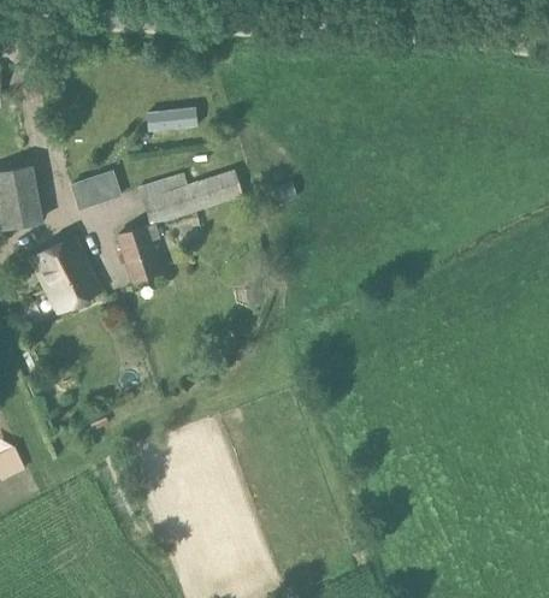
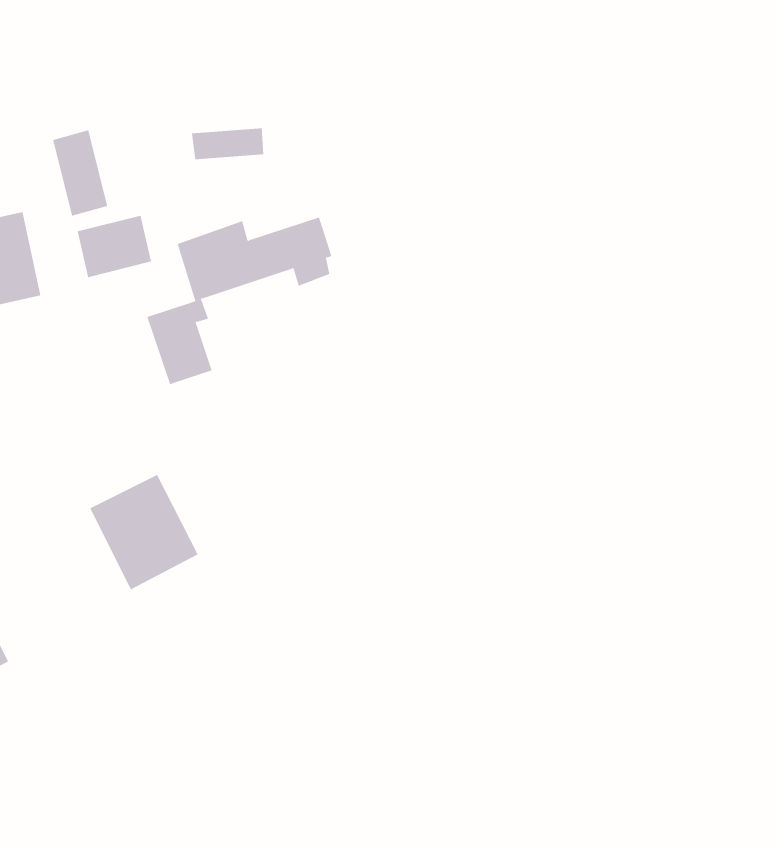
building: none -> [53,130,108,217]
building: [28,236,101,314] -> [90,474,198,590]

